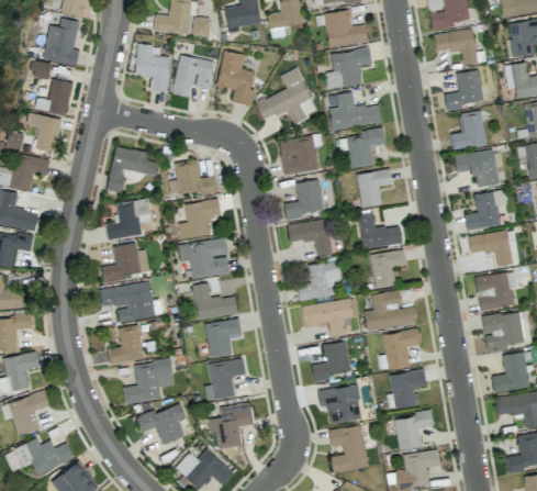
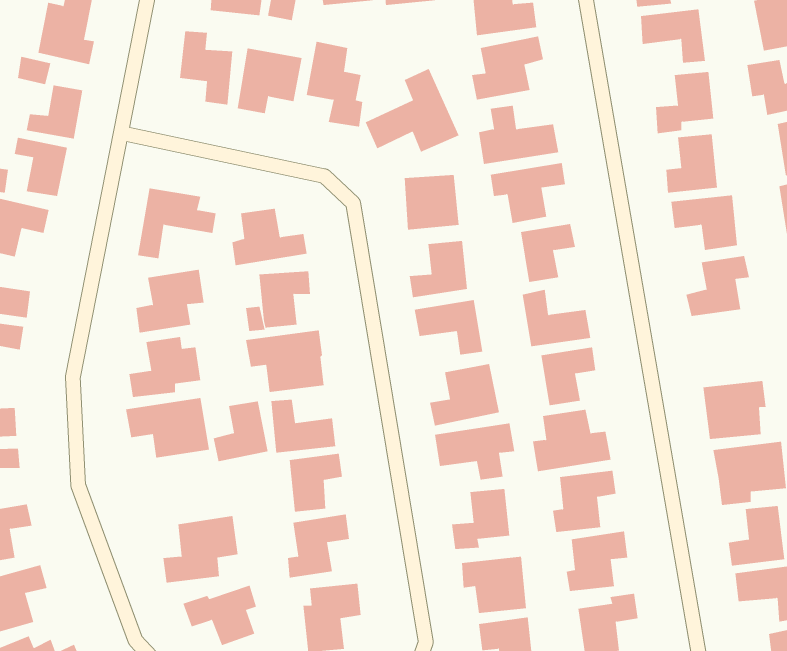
building: [469,231,512,266] -> none
building: [108,325,144,365] -> [213,401,269,462]

